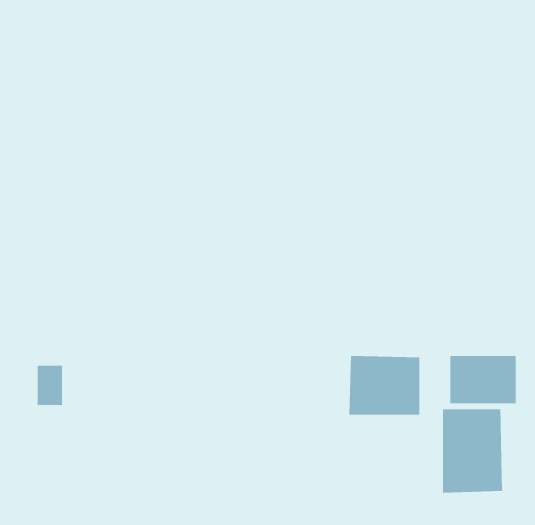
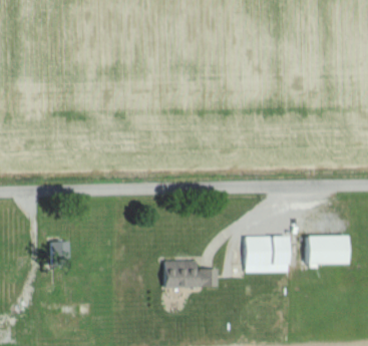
building: none -> [164,260,217,287]
building: [442,408,503,494] -> none

